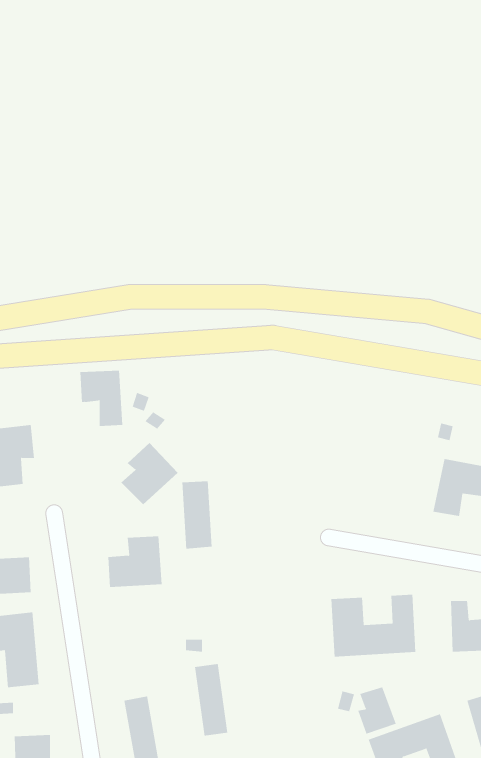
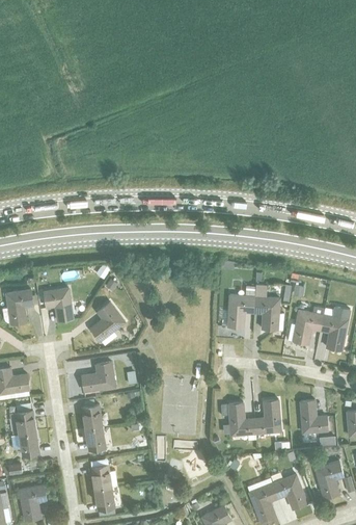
building: [79,370,123,427] -> [43,286,71,322]
building: none -> [224,293,276,331]
building: [182,481,212,550] -> none
building: [194,664,228,736] -> [82,402,104,449]
building: [358,686,396,734] -> none

